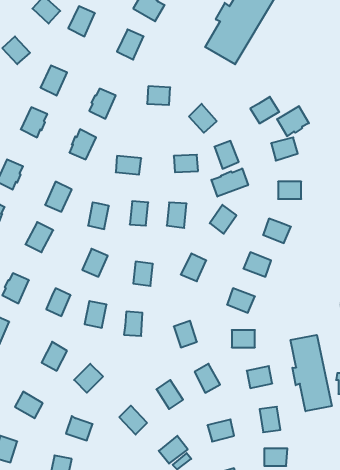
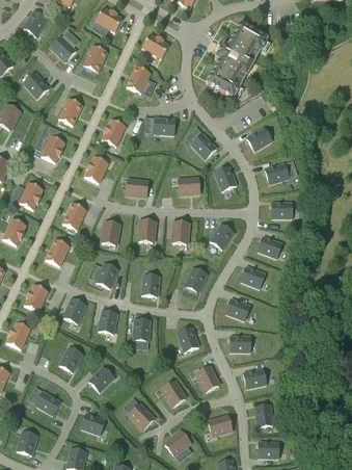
building: [277,106,309,136] -> none
building: [211,168,248,197] -> none
building: [291,335,332,411] -> none

